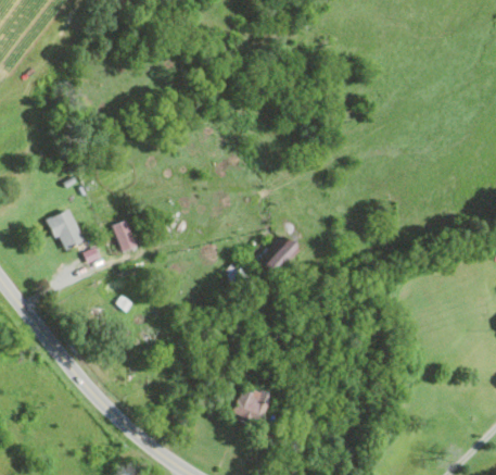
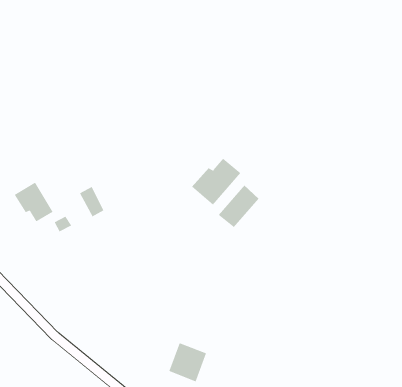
building: none -> [191,158,241,205]
building: [230,383,271,425] -> [169,343,207,382]

